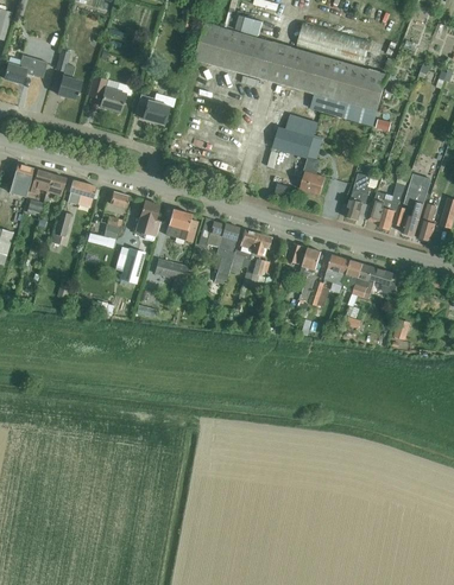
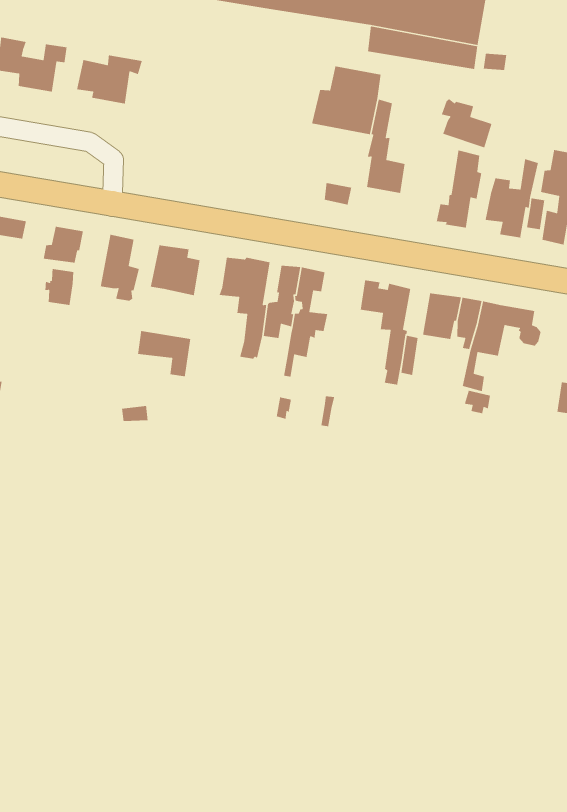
building: none -> [441,98,492,148]
building: [120,248,145,284] -> none

